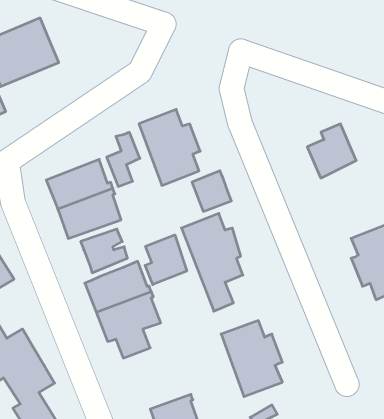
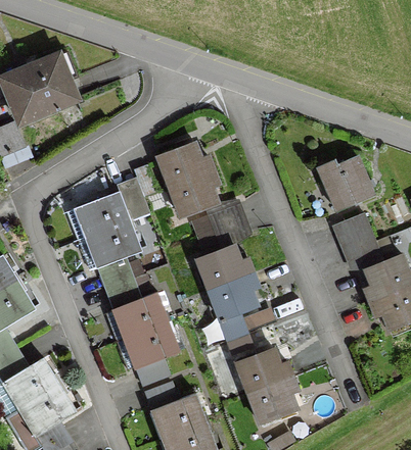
building: none -> [337,213,393,266]
building: [145,235,187,285] -> none
building: none -> [143,383,208,437]

